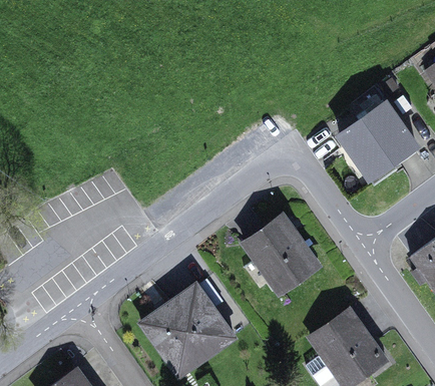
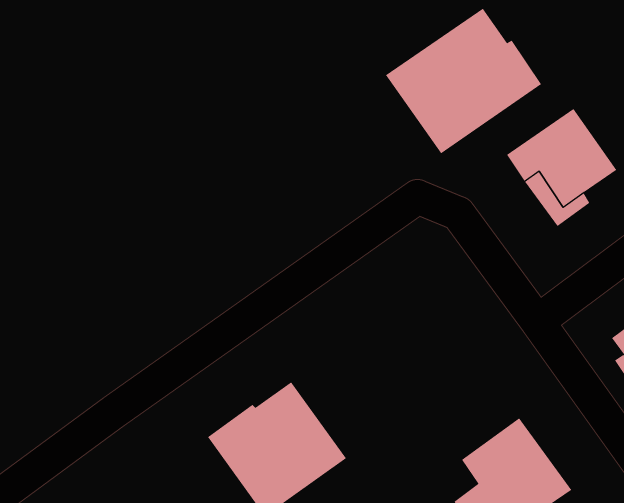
building: none -> [385,8,542,154]
building: [244,215,318,291] -> none

